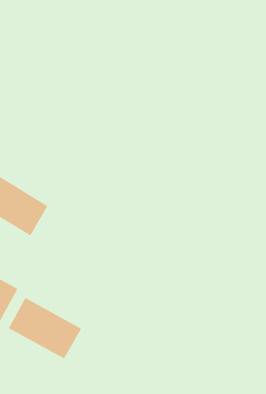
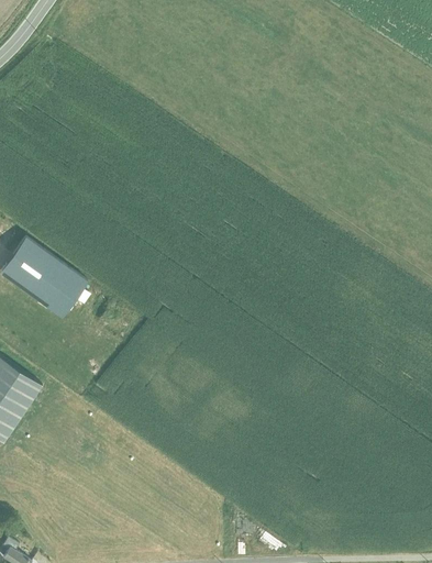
building: [8,297,82,359] -> none

